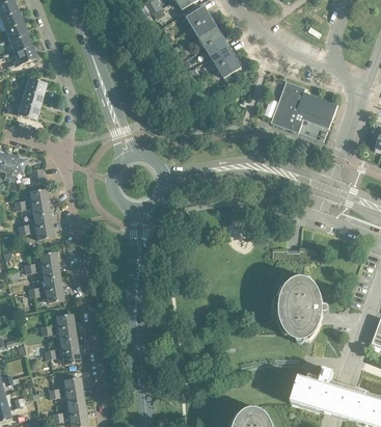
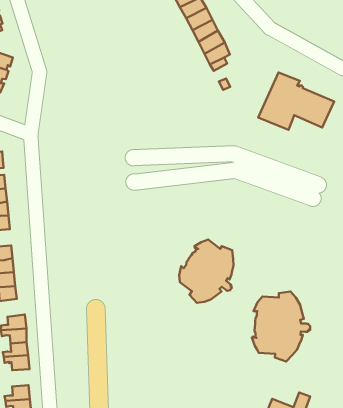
building: none -> [179,240,234,303]

